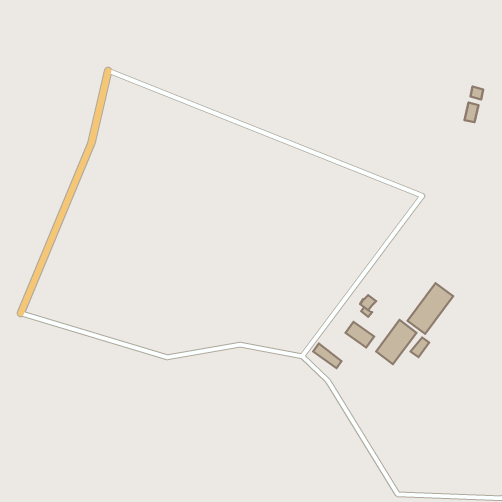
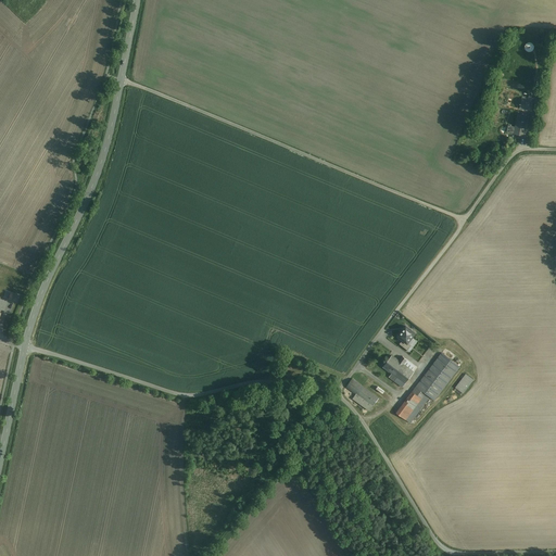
building: [407,283,453,334] -> none
building: none -> [395,392,426,424]

